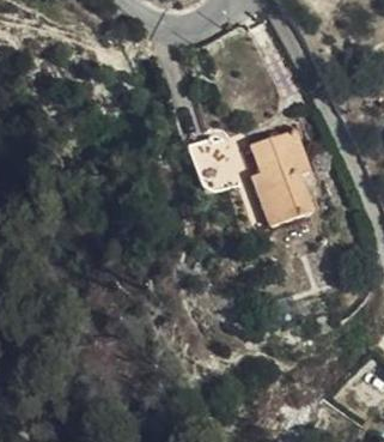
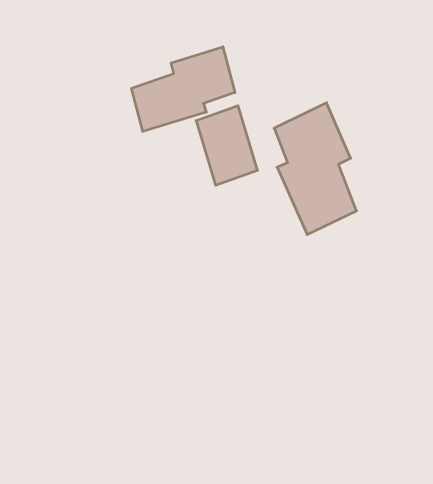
building: none -> [132,47,235,131]

